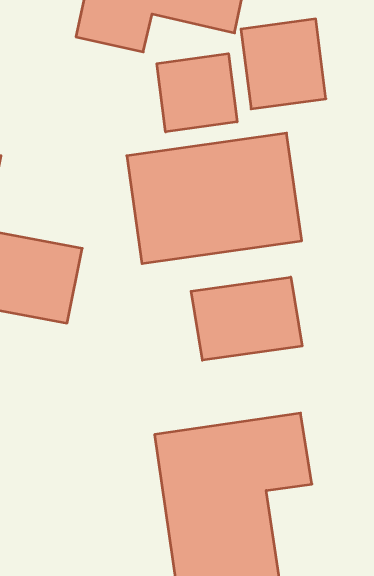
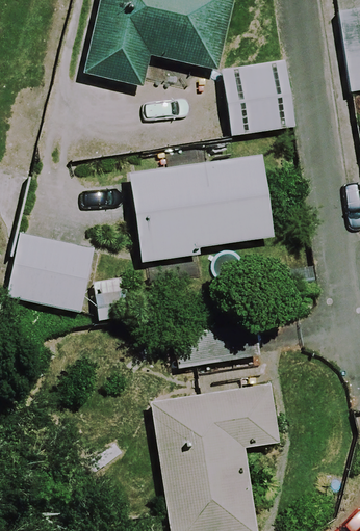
building: [157,54,237,132] -> none
building: [191,277,302,360] -> none

